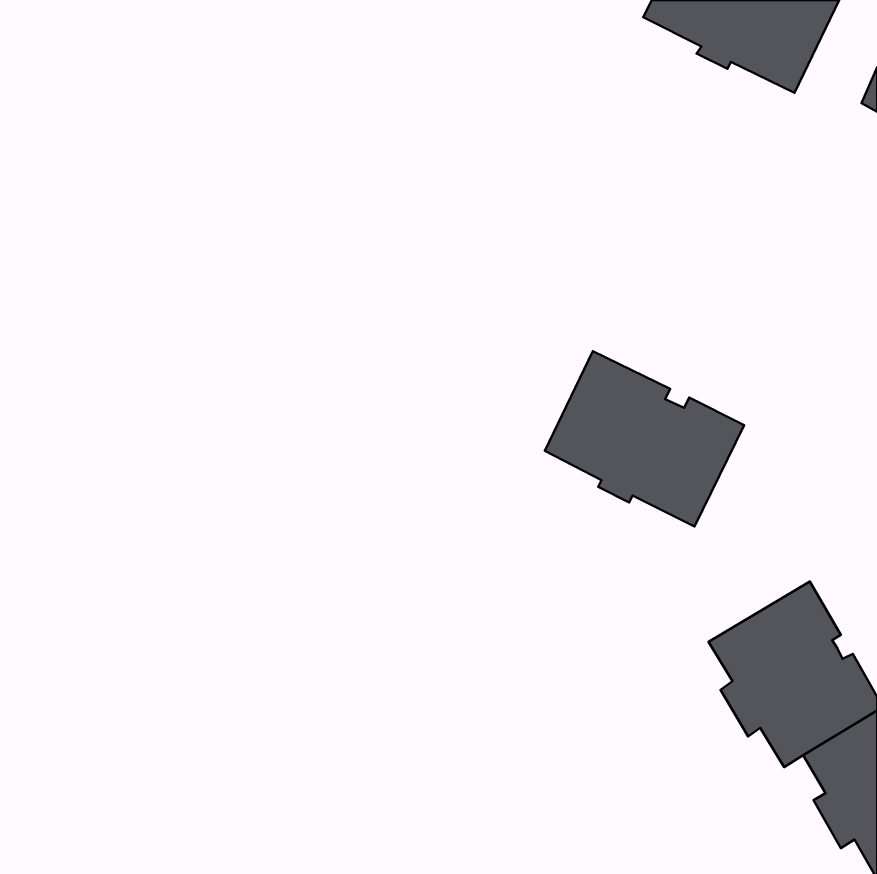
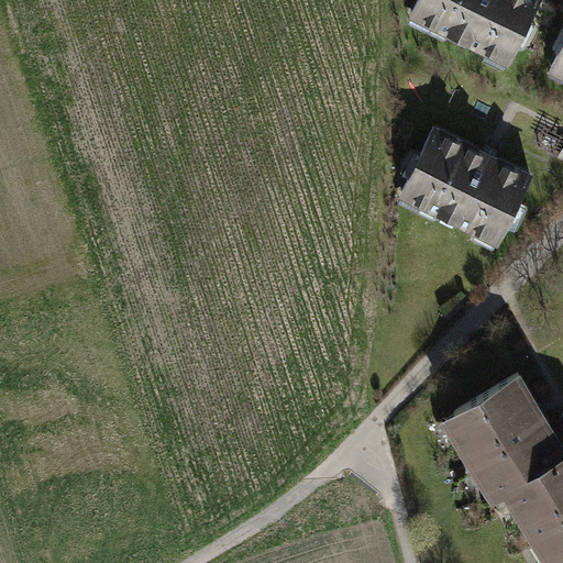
building: [545,351,744,527] -> [401,130,529,242]

